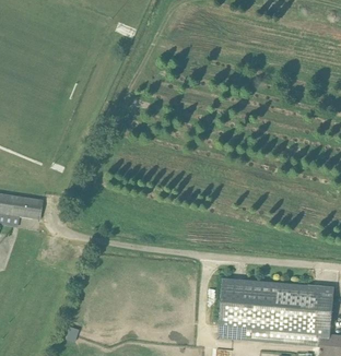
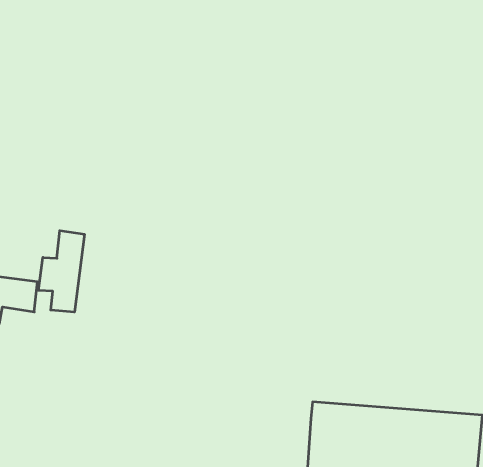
building: none -> [39,231,84,312]

